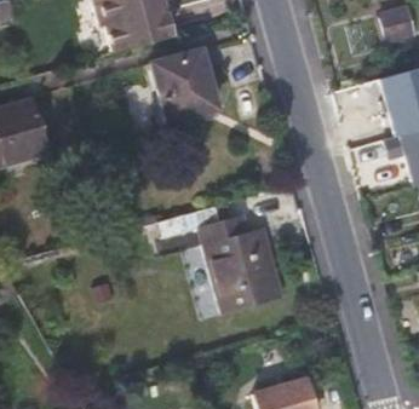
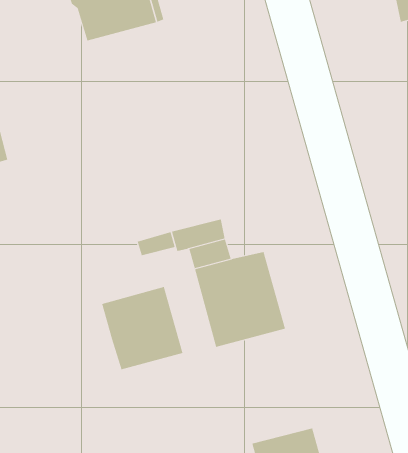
building: [151,50,217,132] -> none
building: none -> [102,286,183,370]

